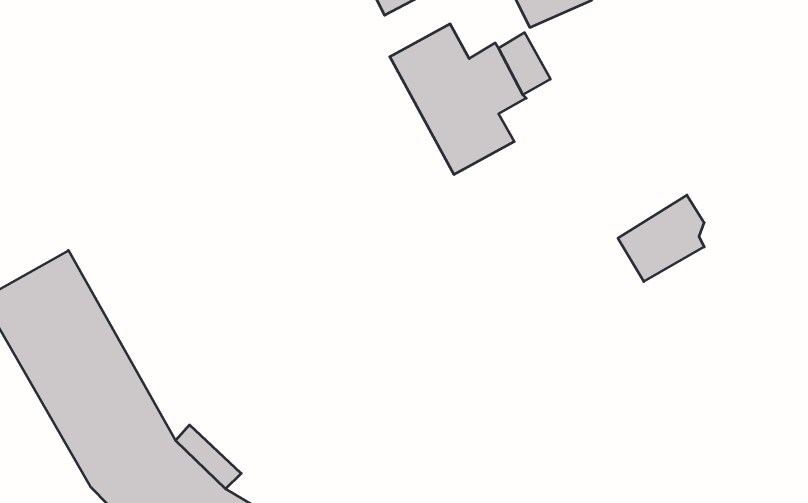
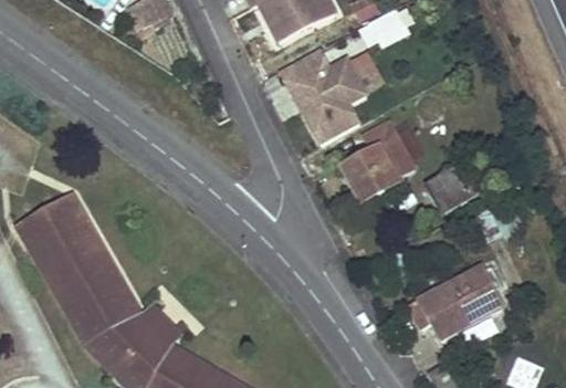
building: none -> [342,119,415,201]
building: none -> [411,265,502,336]

